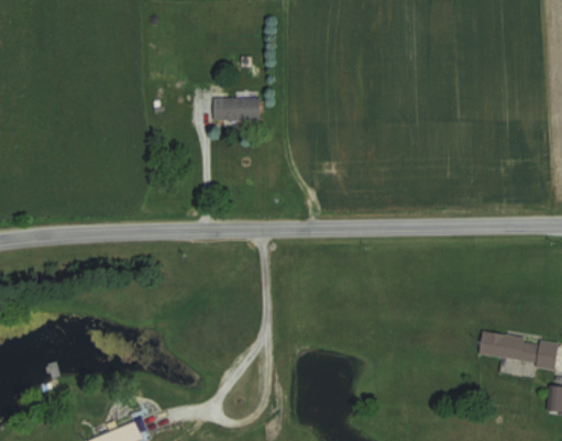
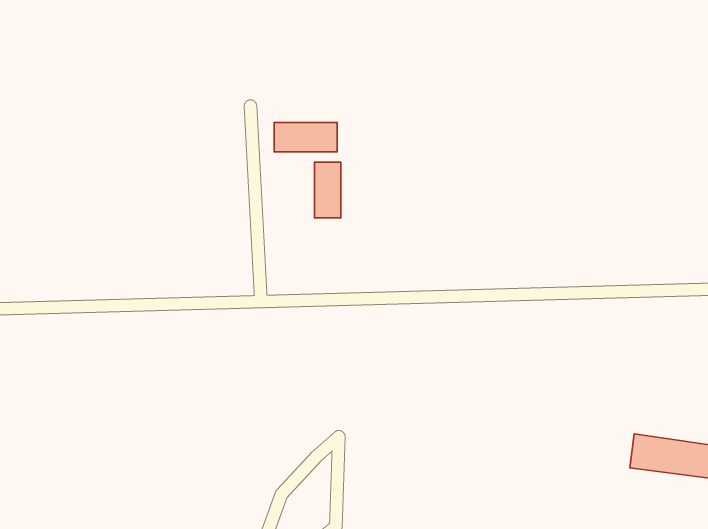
building: none -> [315,162,341,218]

